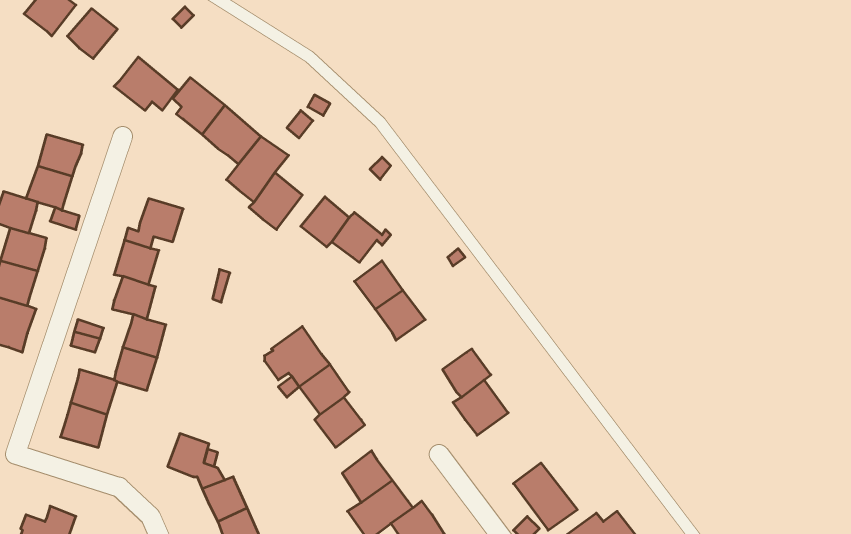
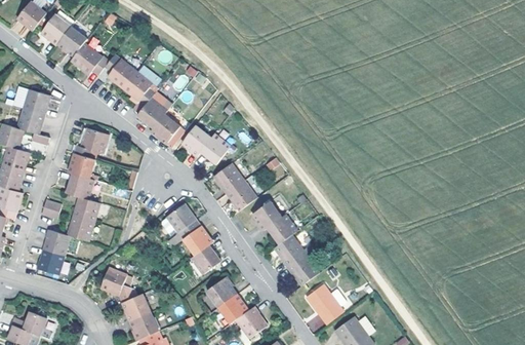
building: none -> [57,27,87,57]
building: none -> [249,202,279,232]
building: none -> [285,255,317,286]

